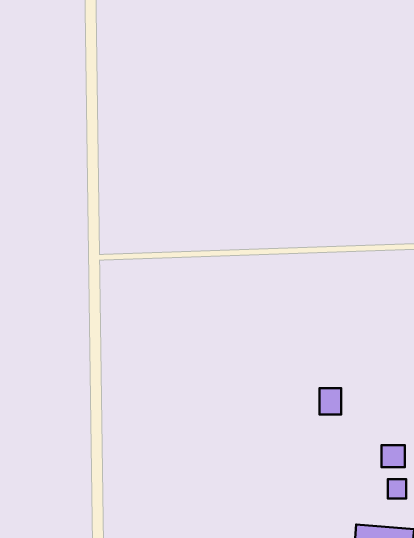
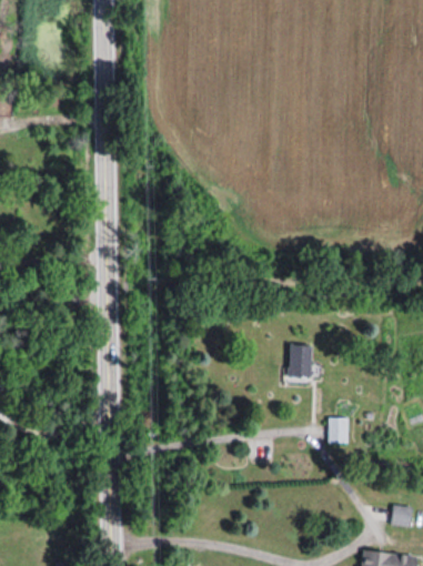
building: none -> [290,346,313,376]
building: [381,445,405,467] -> none

